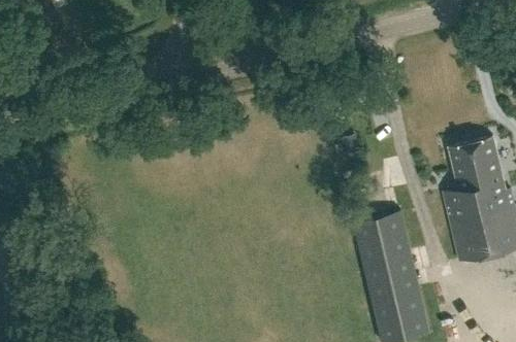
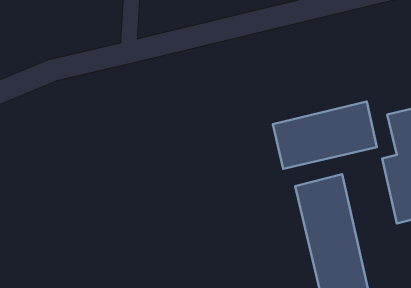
building: none -> [273,101,377,169]

